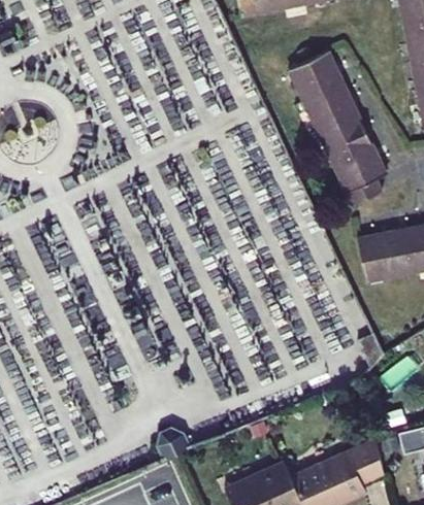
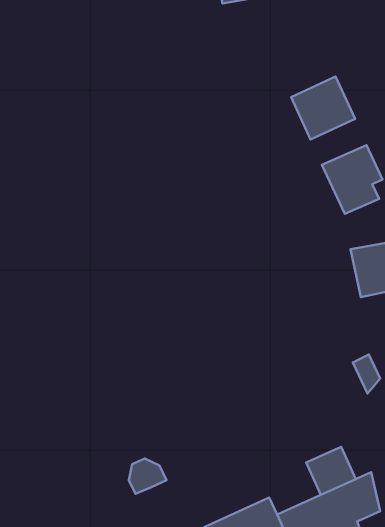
building: [289,52,344,101] -> none
building: [321,121,371,162] -> none
building: none -> [306,447,356,495]

